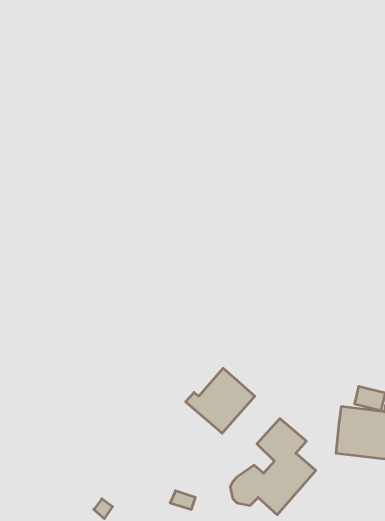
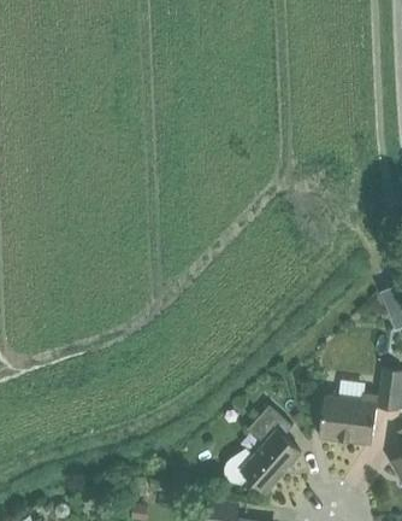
building: [186,368,255,433] -> none

